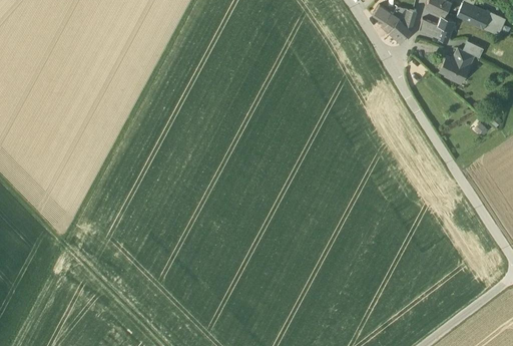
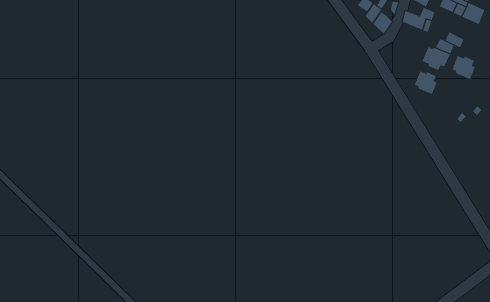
building: none -> [452,55,475,80]
building: none -> [414,71,437,95]

